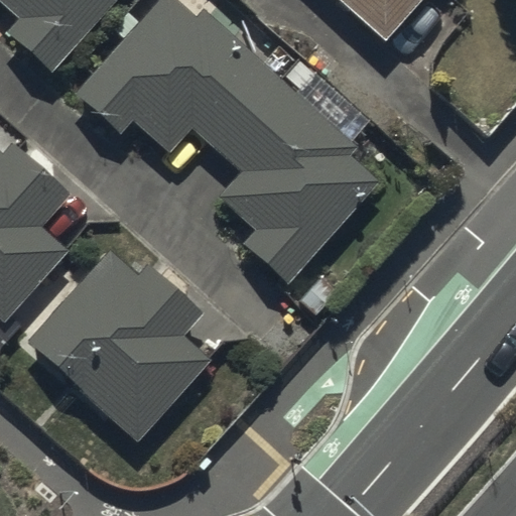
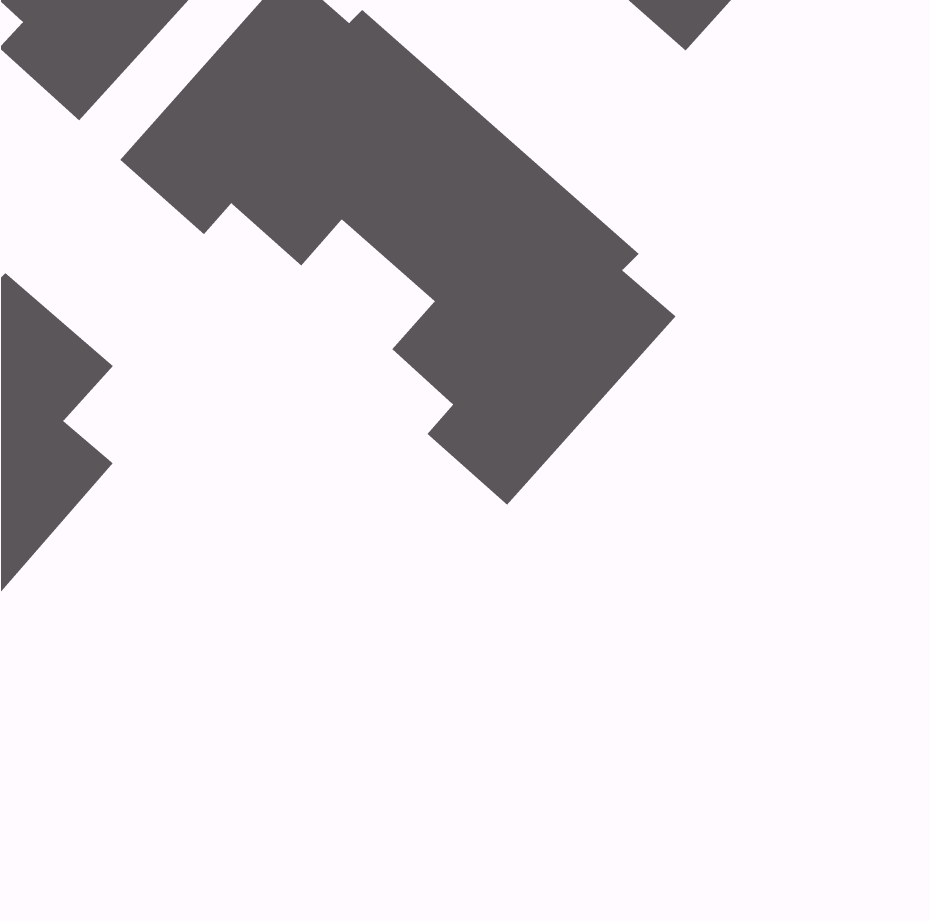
building: [25,256,210,447] -> none

